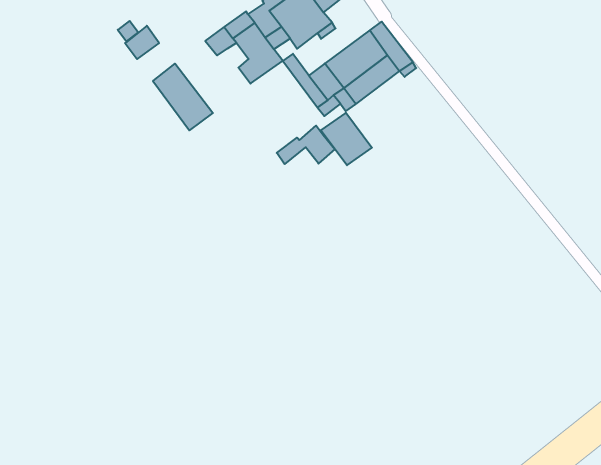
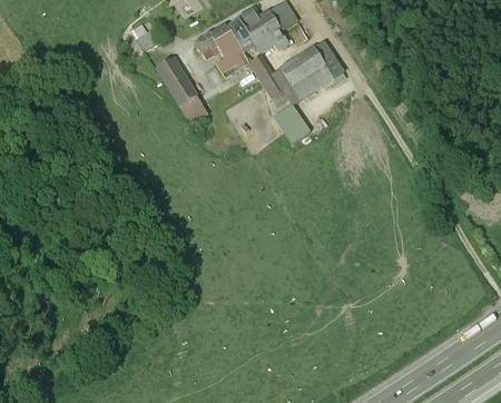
building: none -> [178,96,207,126]
building: [277,126,335,164] -> none

